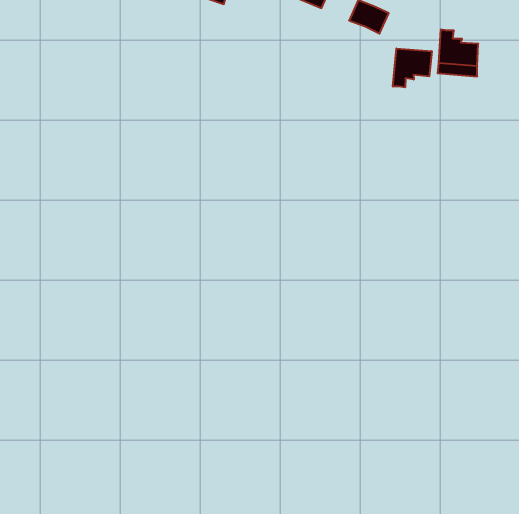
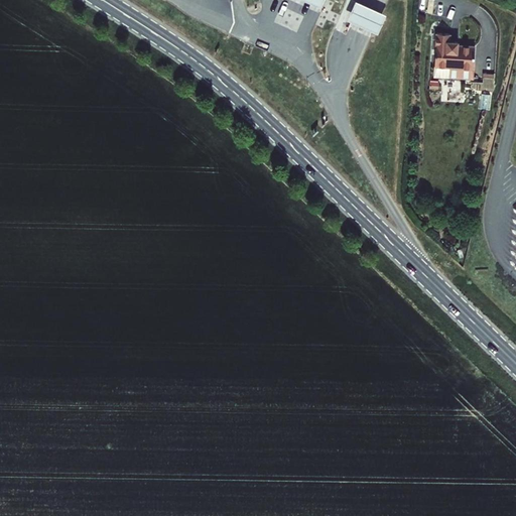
building: [393,48,432,87] -> none

